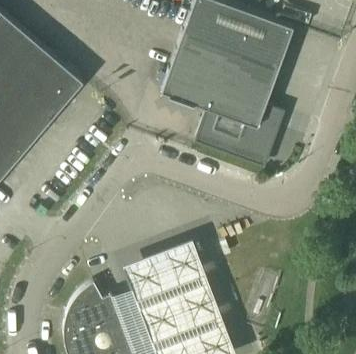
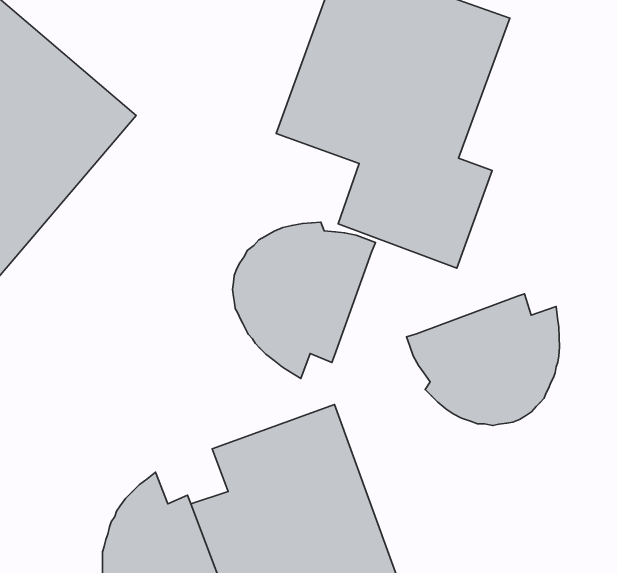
building: none -> [233,222,376,379]
building: none -> [406,294,559,426]

